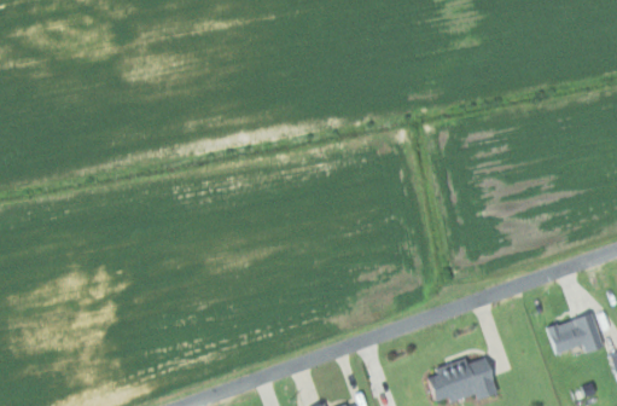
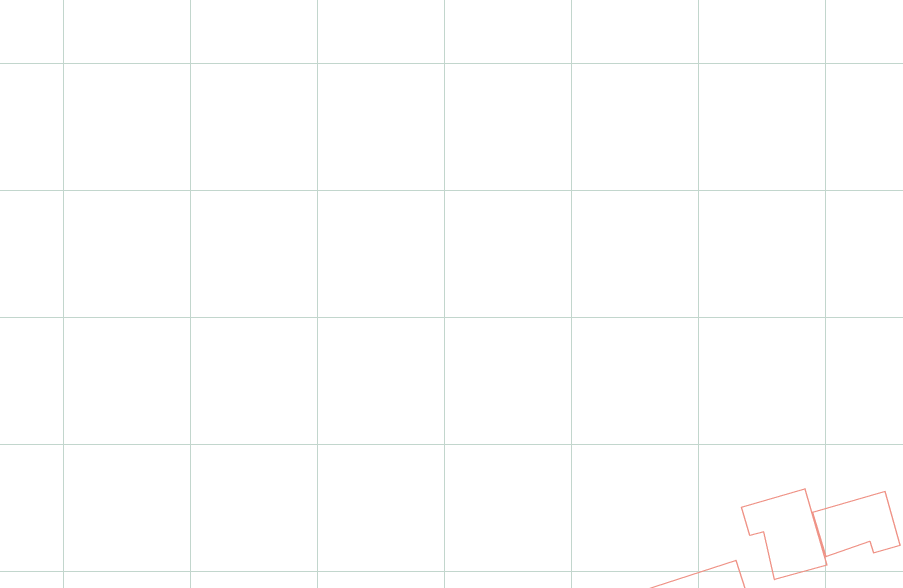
building: none -> [742,489,827,580]

